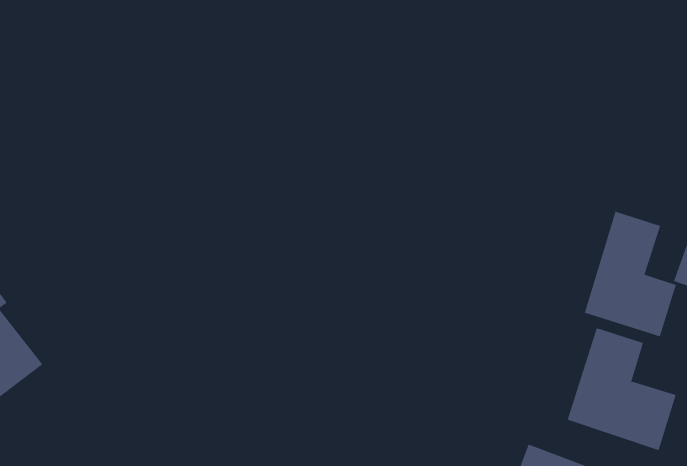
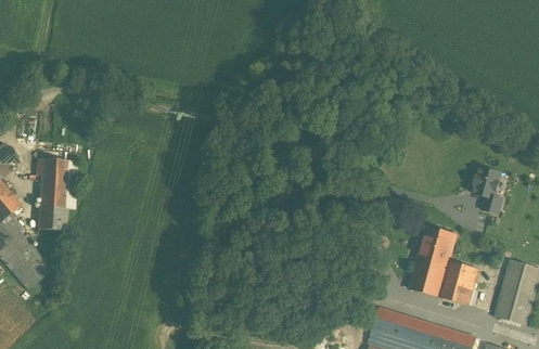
building: none -> [34,158,77,231]
building: [584,211,676,337] -> none

